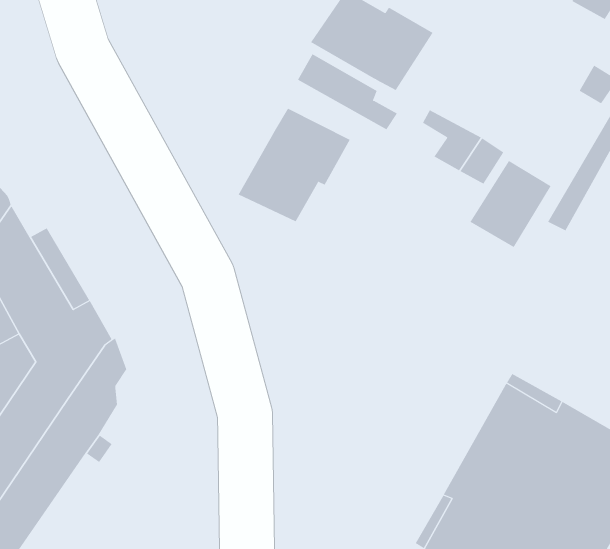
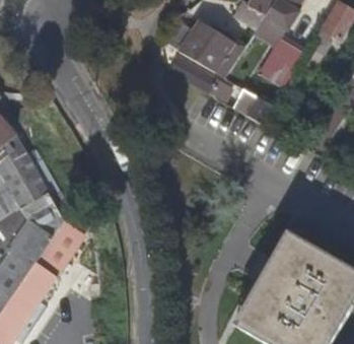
building: [238,108,350,222] -> none
building: [469,160,552,248] -> [258,38,302,85]

